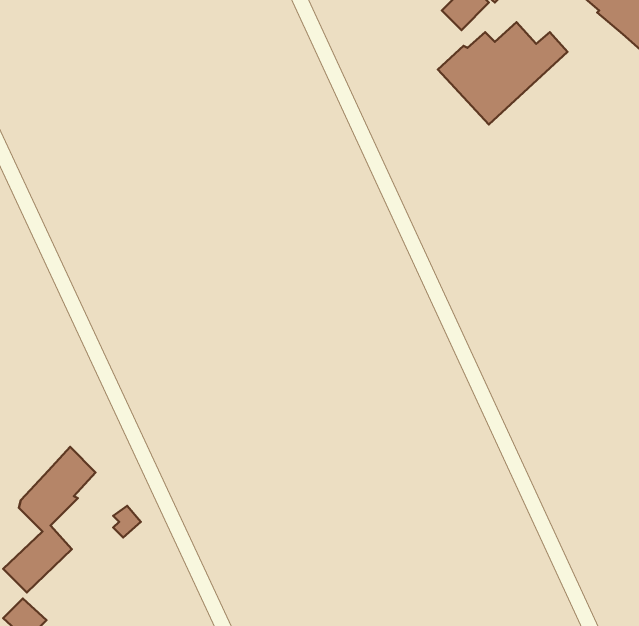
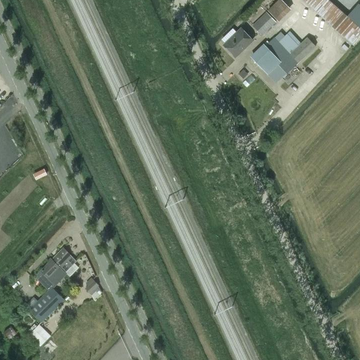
building: none -> [223,28,253,57]

